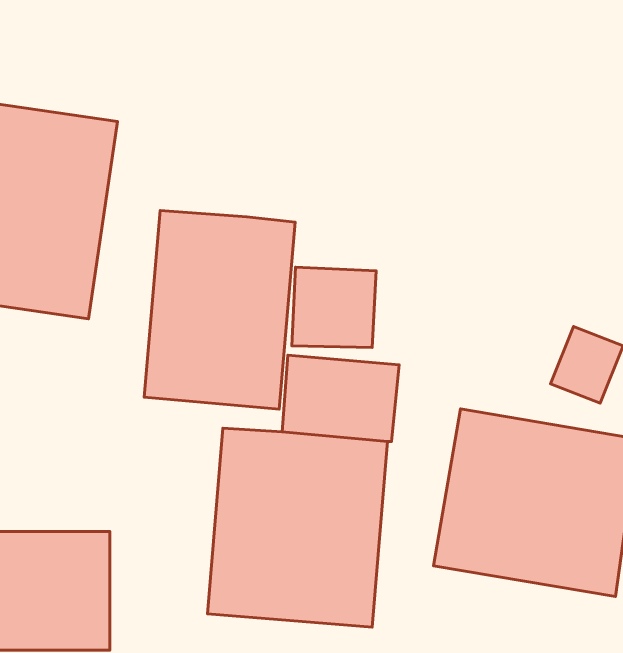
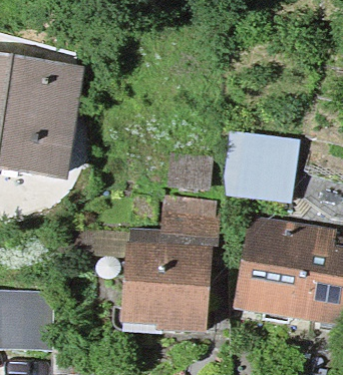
building: [144,210,295,409] -> none
building: none -> [223,128,295,201]

